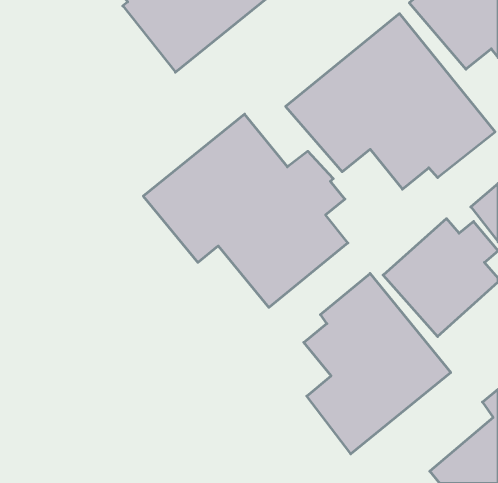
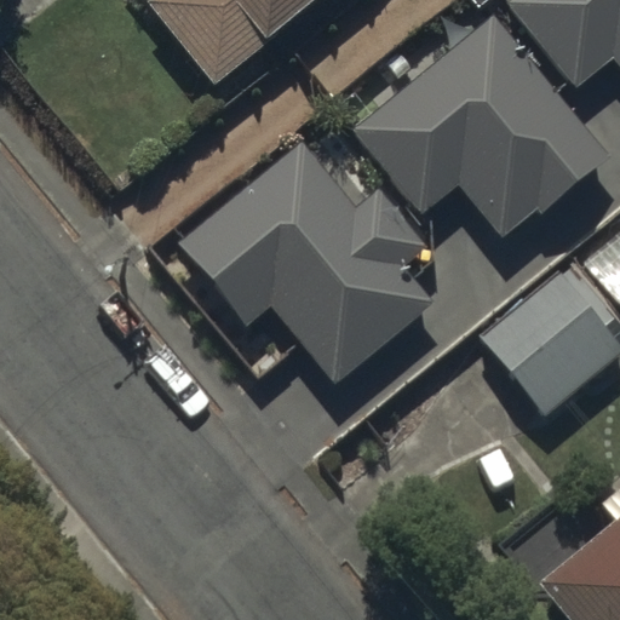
building: [304,273,451,454] -> none

